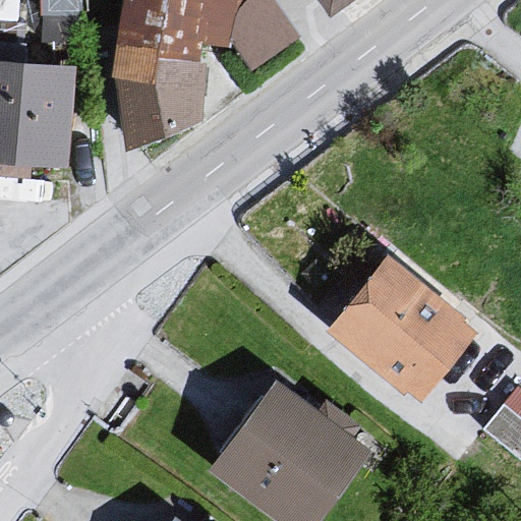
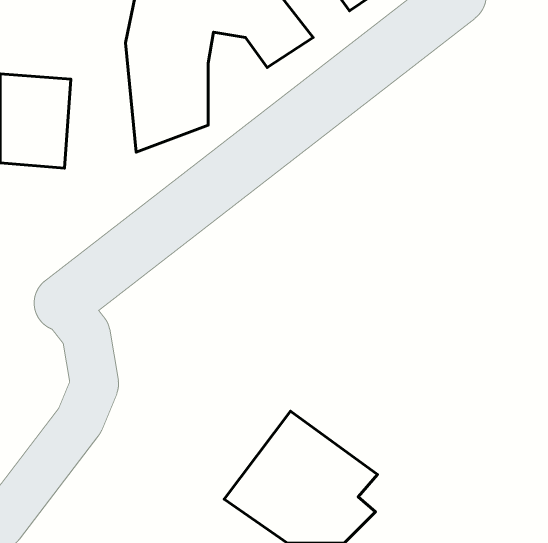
building: [337,266,469,395] -> none

